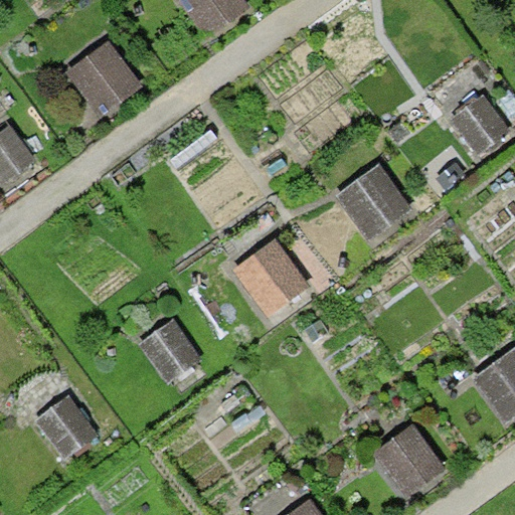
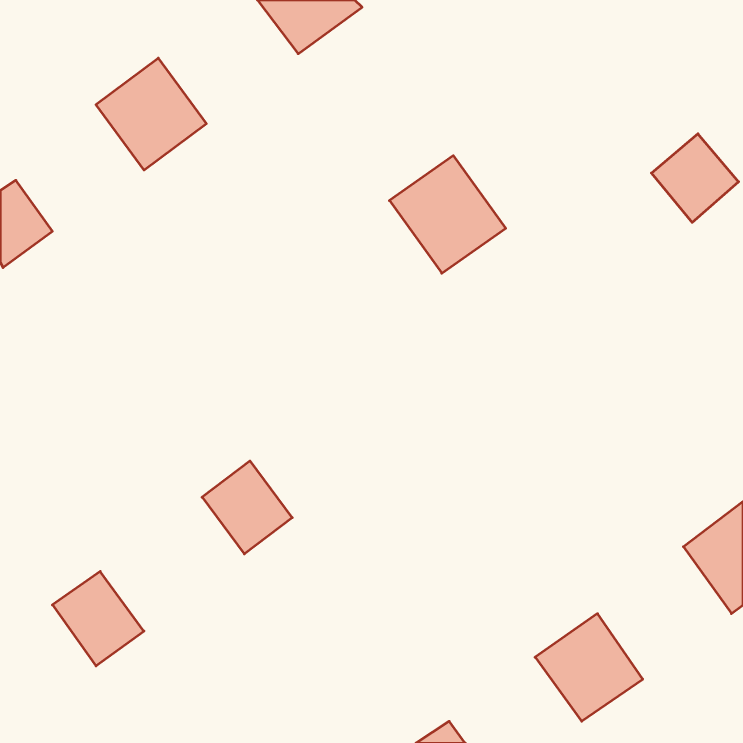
building: [336,164,416,245] -> [389,156,506,273]
building: [233,238,311,317] -> none

